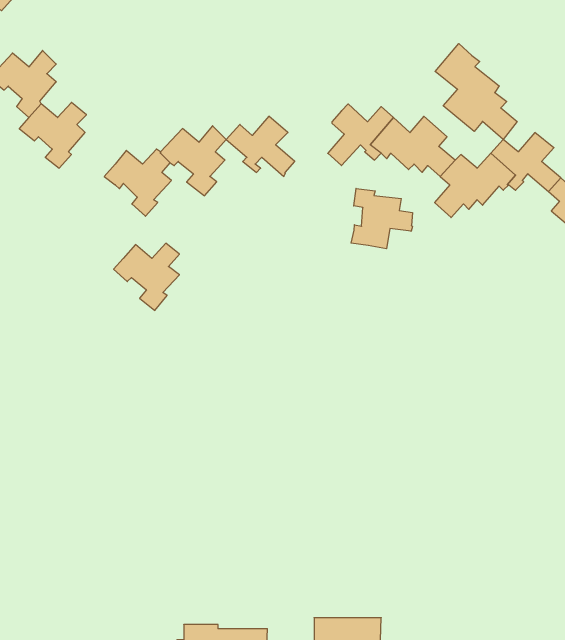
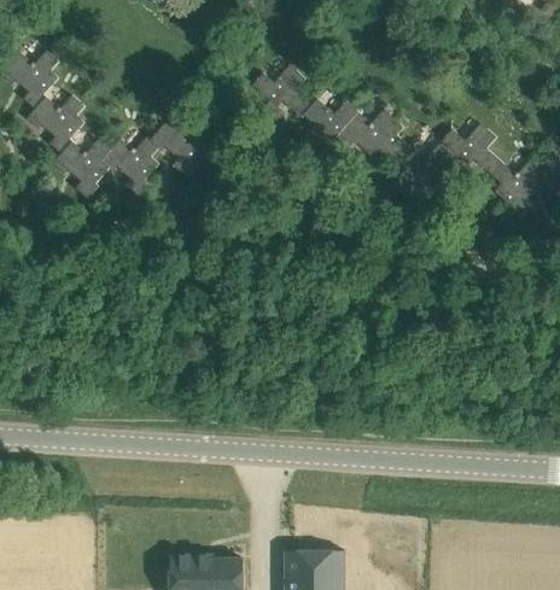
building: [435,44,517,139] -> none
building: [226,116,295,176] -> [249,64,309,117]
building: [351,188,412,249] -> none
building: [114,243,179,310] -> [52,141,110,200]

